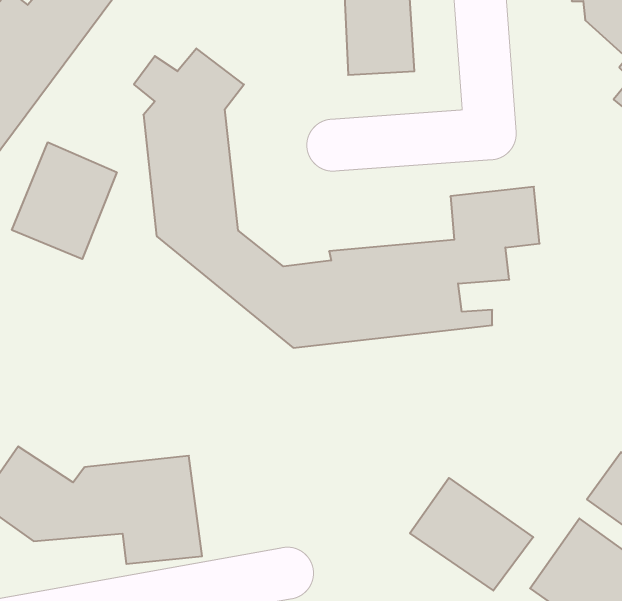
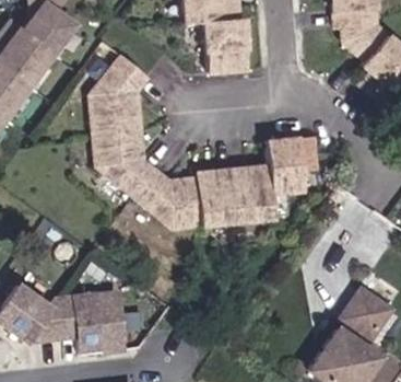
building: [12,142,117,259] -> none
building: [410,478,533,591] -> none

